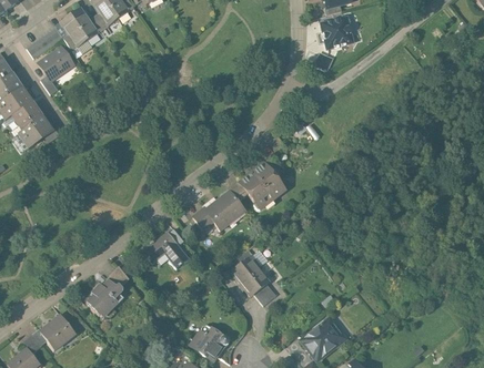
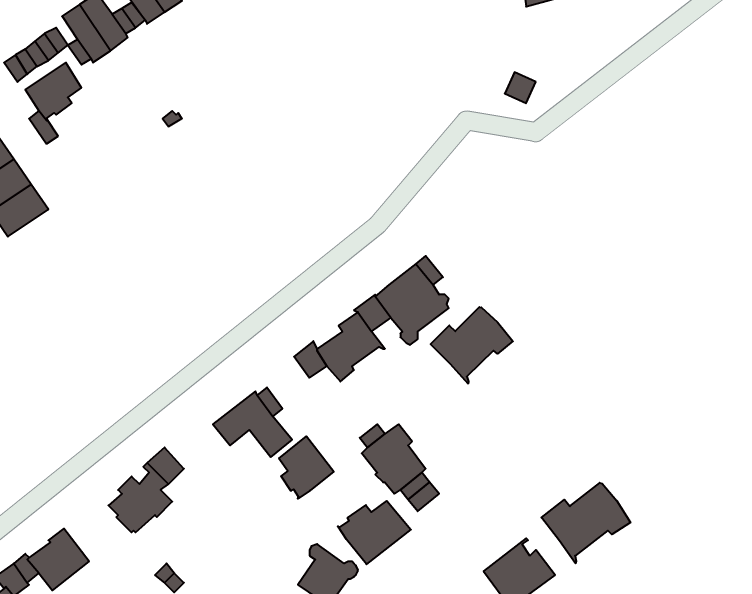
building: [320,18,352,49] -> none
building: none -> [431,307,513,384]
building: none -> [279,436,334,499]
building: none -> [541,483,630,563]
building: none -> [338,501,411,564]

